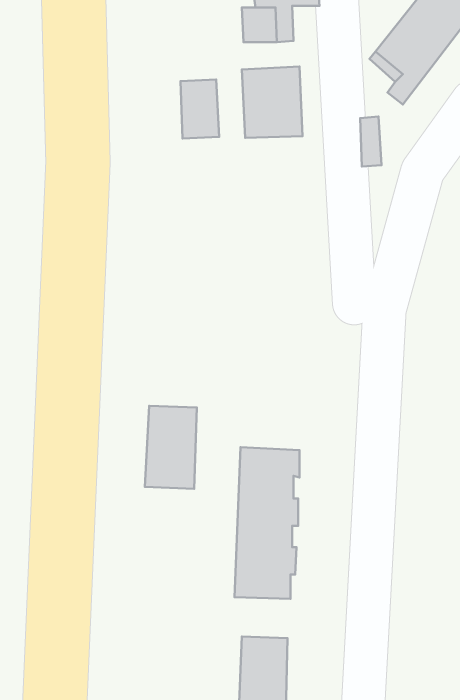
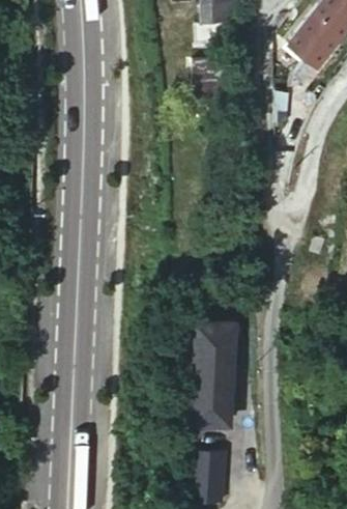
building: [181,80,219,138] -> none
building: [145,406,197,489] -> none

